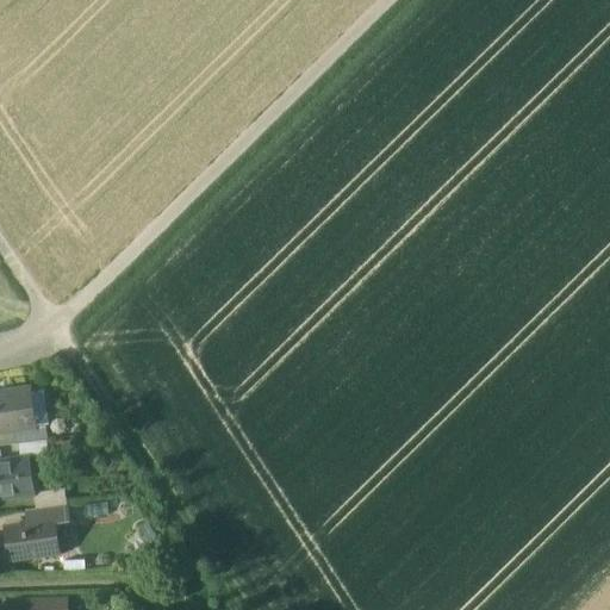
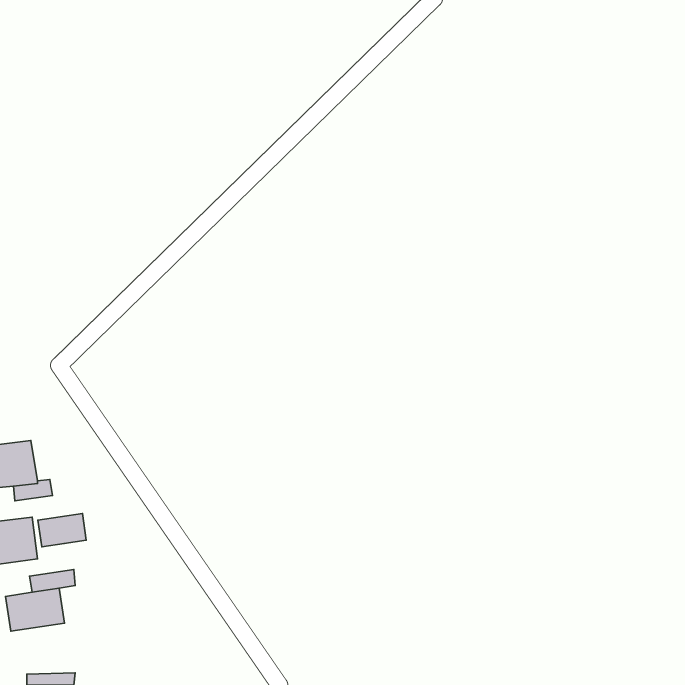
building: none -> [38,514,86,547]

